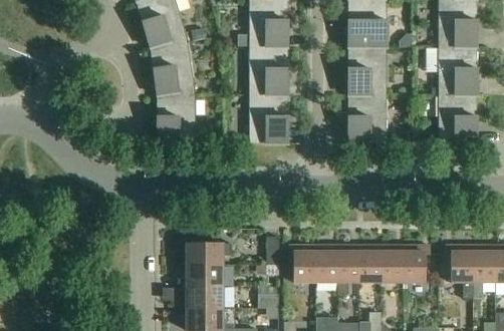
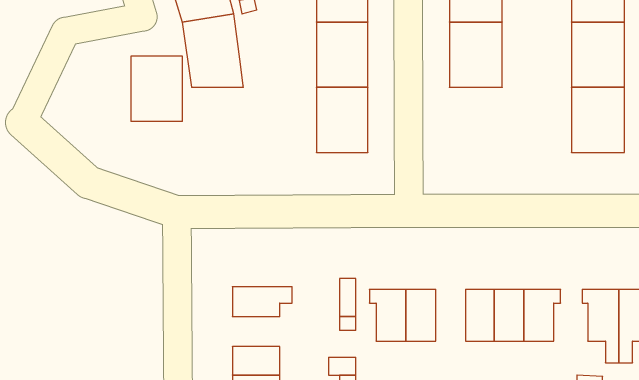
building: [157,95,195,143] -> [131,56,182,121]
building: [347,95,387,143] -> none
building: [337,245,359,295] -> none
building: [187,265,222,287] -> none

